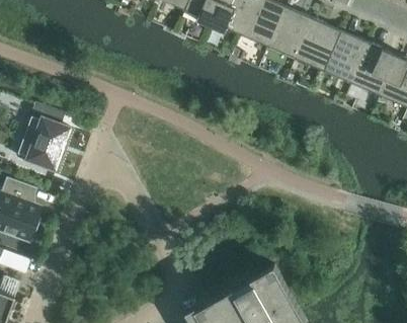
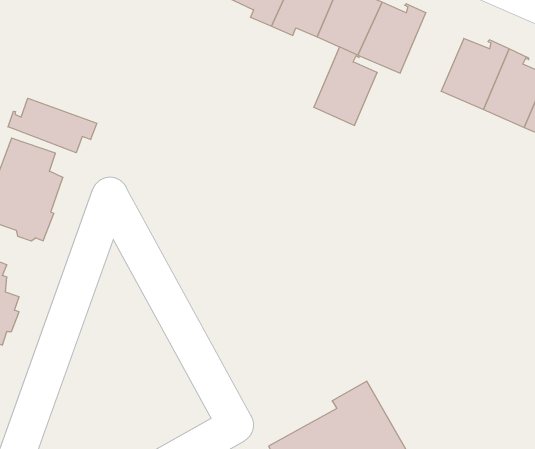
building: [296,17,338,70] -> [314,47,377,125]
building: none -> [8,98,97,153]

